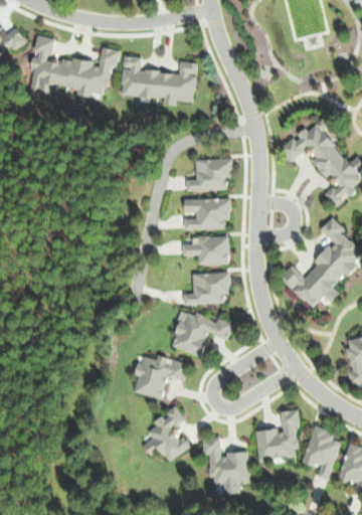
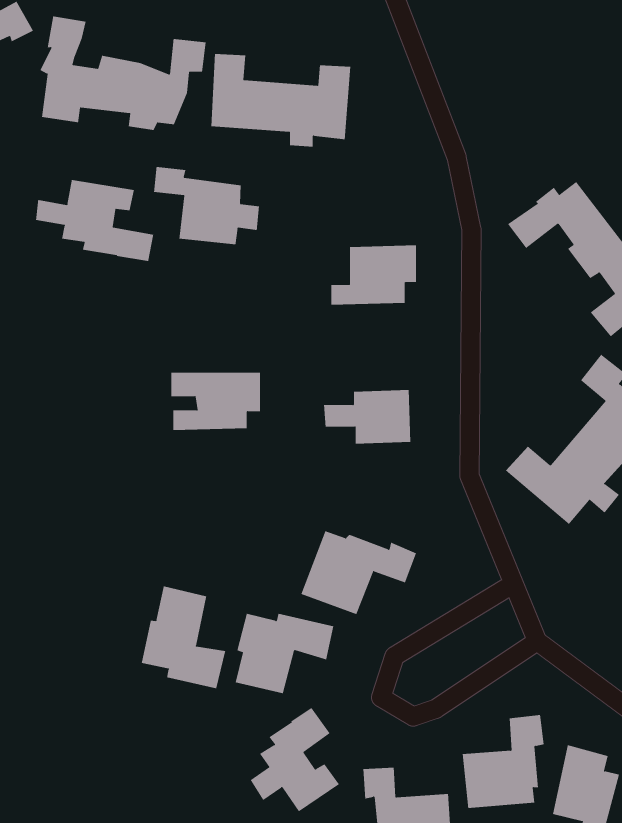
building: none -> [153,166,260,245]
building: none -> [35,179,154,262]
building: [183,198,231,229] -> [171,372,261,431]
building: [183,272,230,305] -> none
building: none -> [141,586,226,689]

